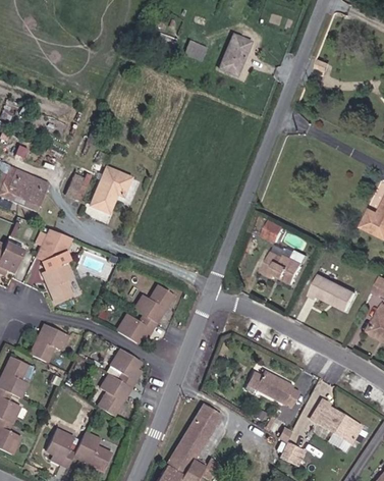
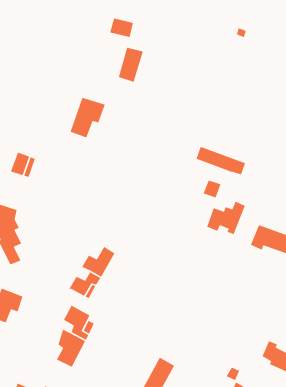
building: [220,34,251,73] -> [118,47,144,83]
building: [89,168,130,214] -> [70,97,106,138]
building: none -> [196,146,246,175]
building: [246,371,299,413] -> none

